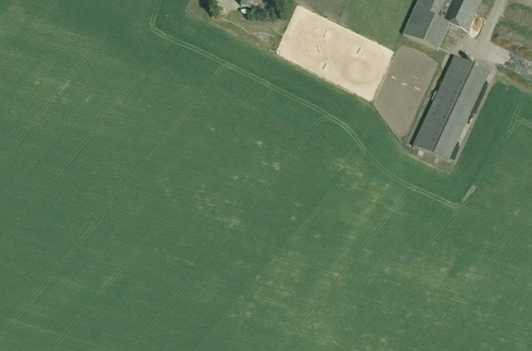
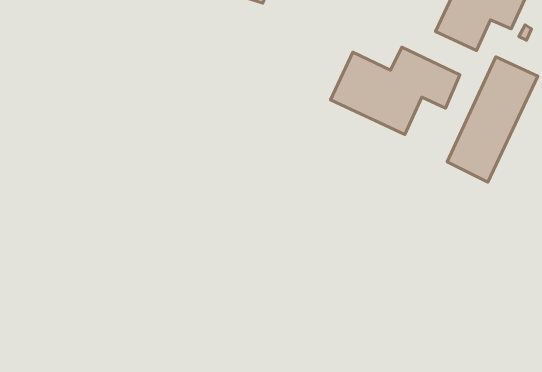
building: none -> [331,47,460,134]

